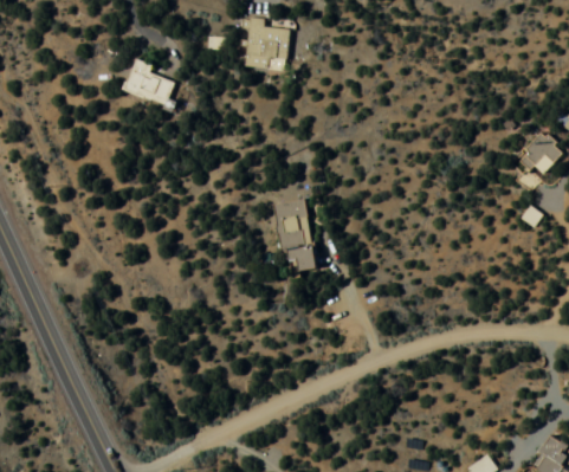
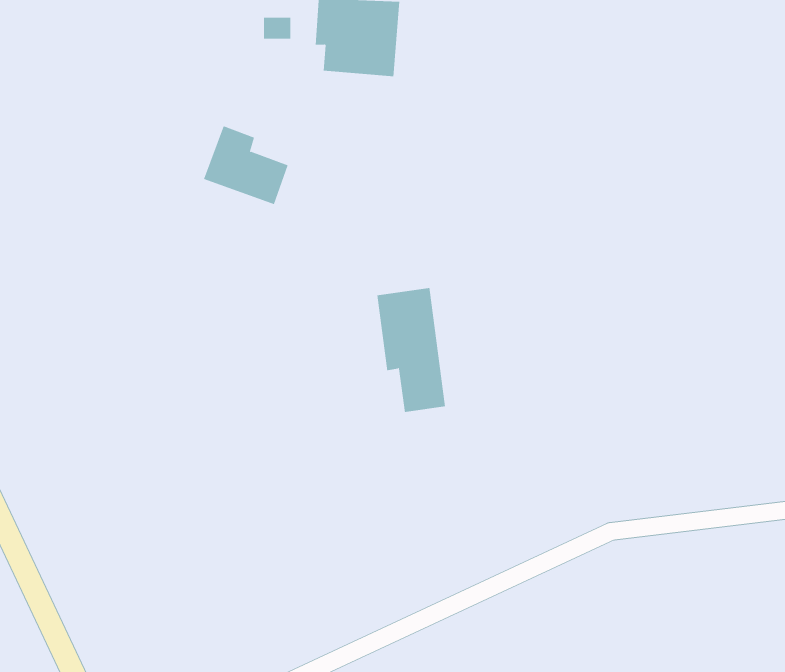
building: [122,58,173,105] -> [203,126,289,205]

